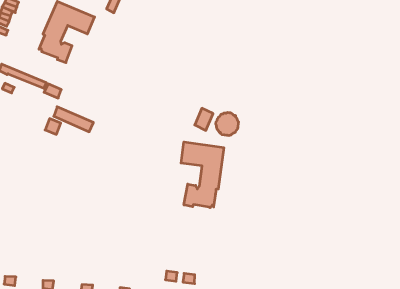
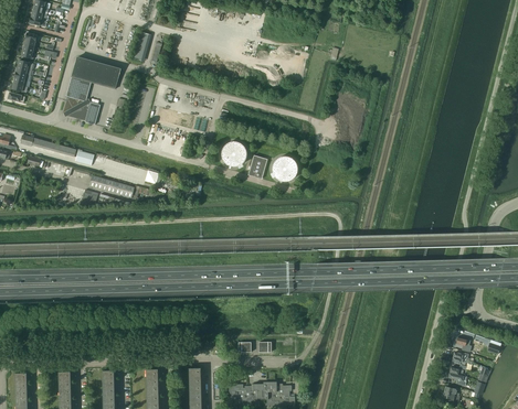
building: none -> [221,141,246,166]
building: [181,142,224,208] -> none

